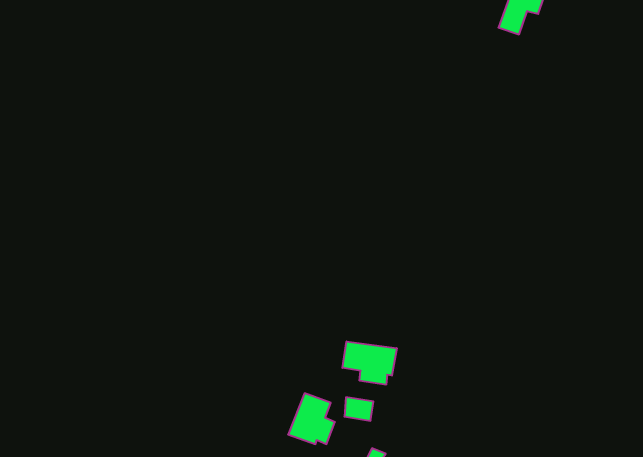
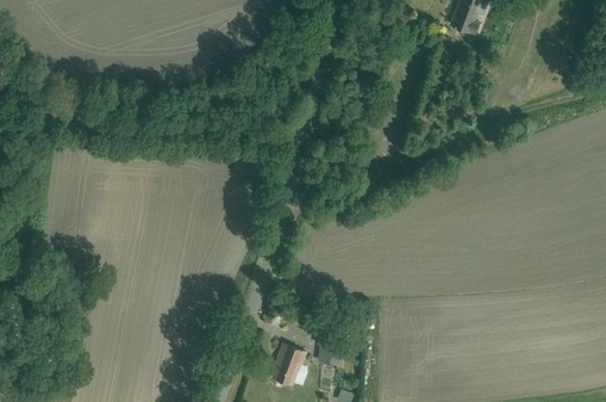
building: [342,341,397,385] -> none

